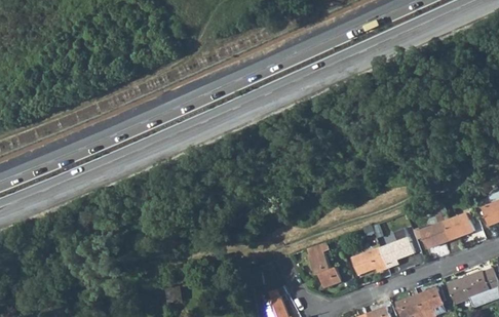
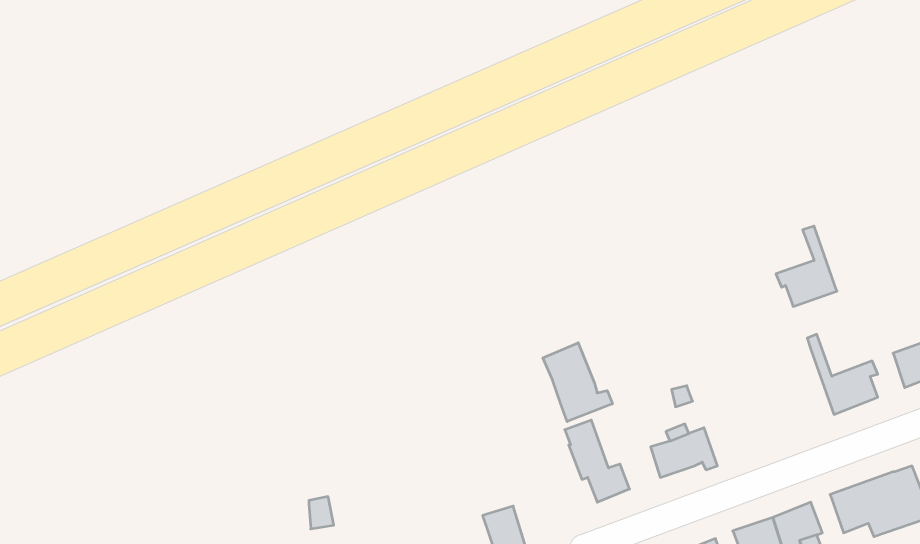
building: none -> [543,343,612,422]
building: [417,205,450,248] -> [776,226,837,306]
building: [380,227,415,268] -> none

